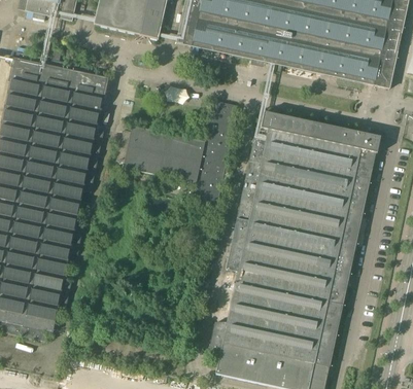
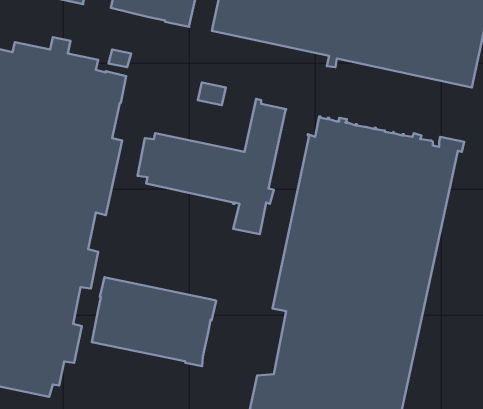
building: none -> [92,277,216,366]

